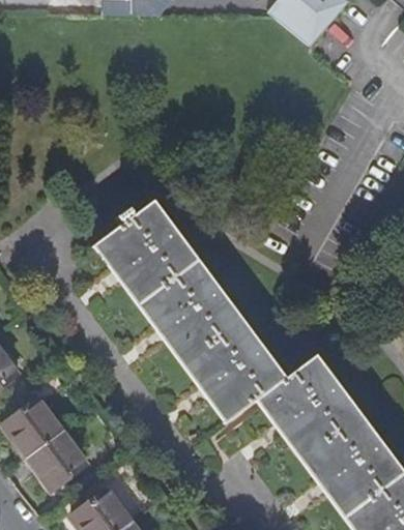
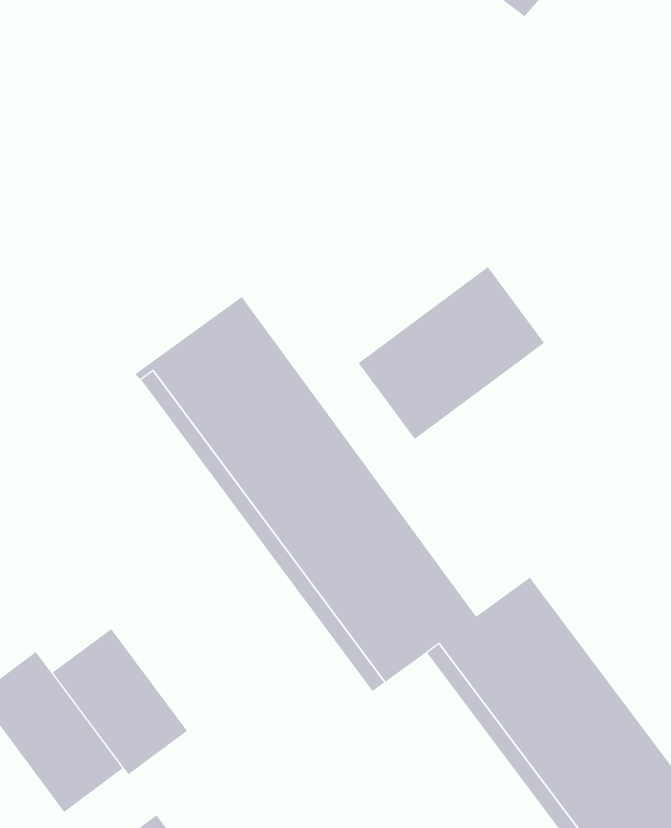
building: none -> [358,266,545,440]
building: none -> [52,628,188,775]

